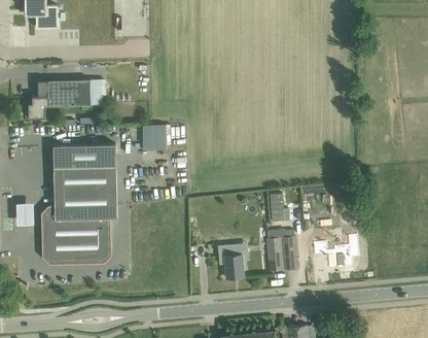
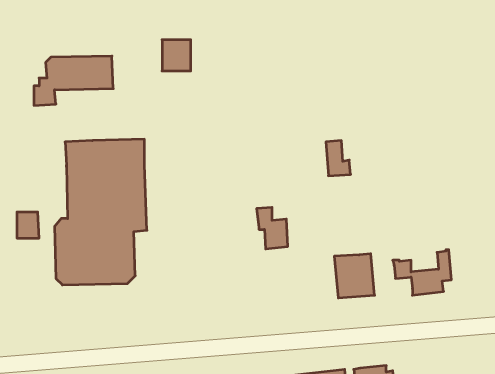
building: [142,125,165,149] -> [162,40,191,71]
building: [270,193,289,221] -> [326,141,351,176]
building: [218,245,243,278] -> [257,207,288,249]

